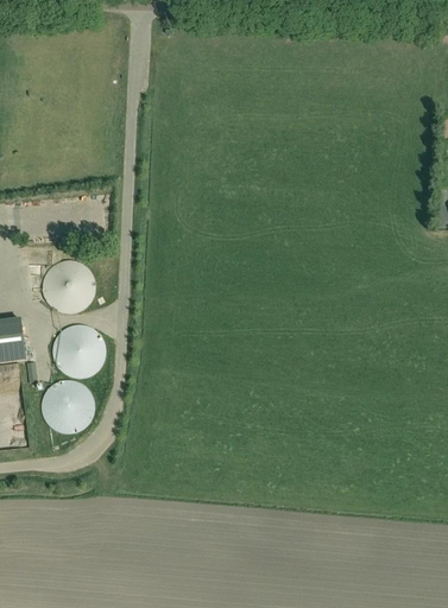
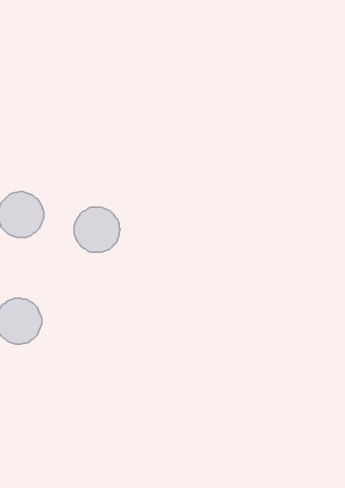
building: [52,324,105,375] -> [74,207,120,252]

